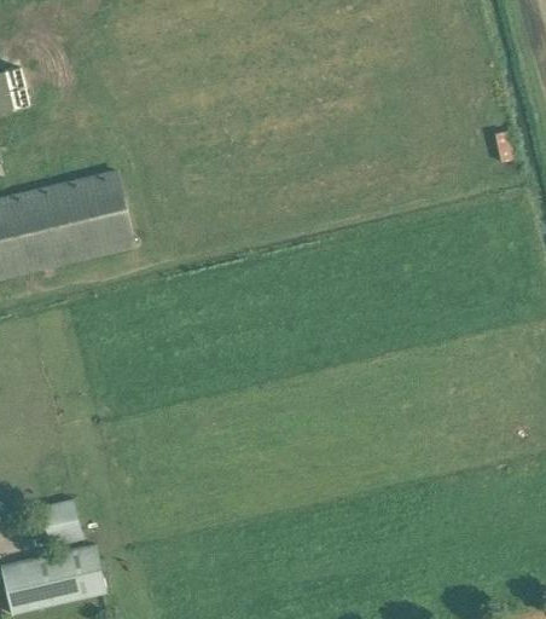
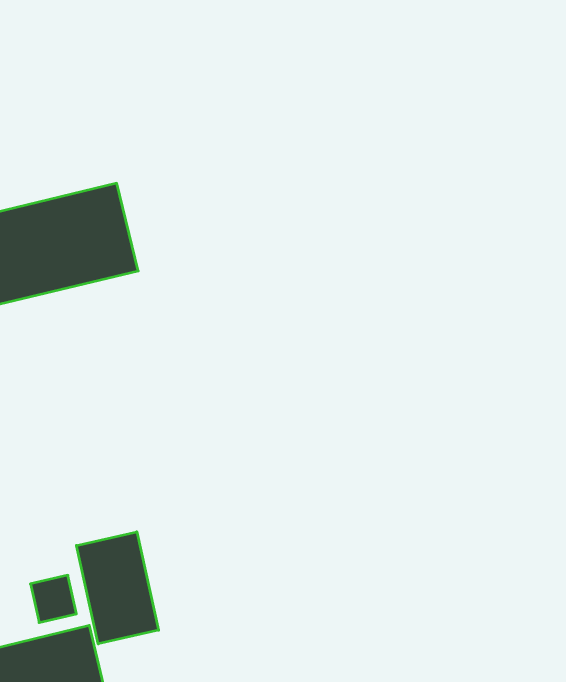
building: none -> [76,532,159,644]

